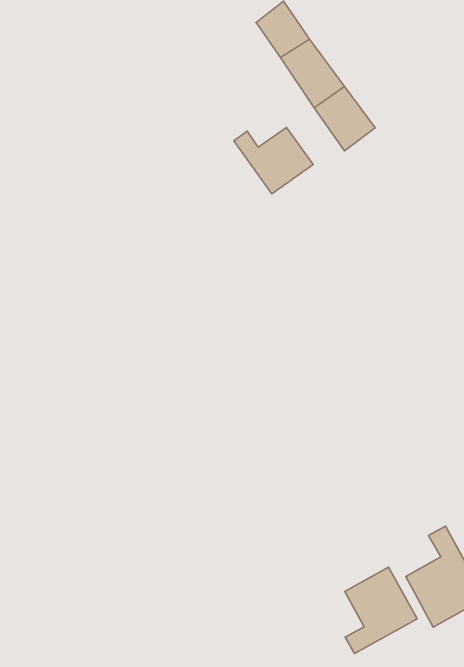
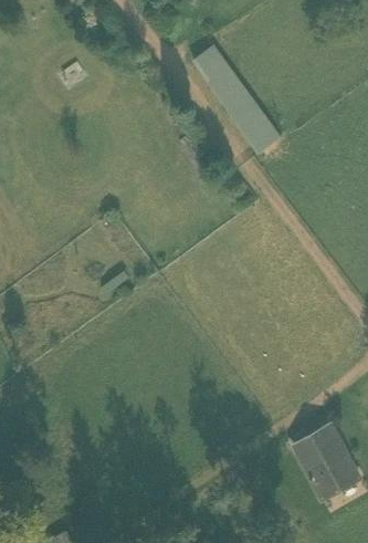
building: [234,127,313,194] -> none
building: [345,567,417,654] -> none

